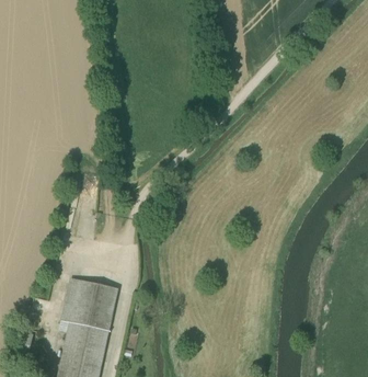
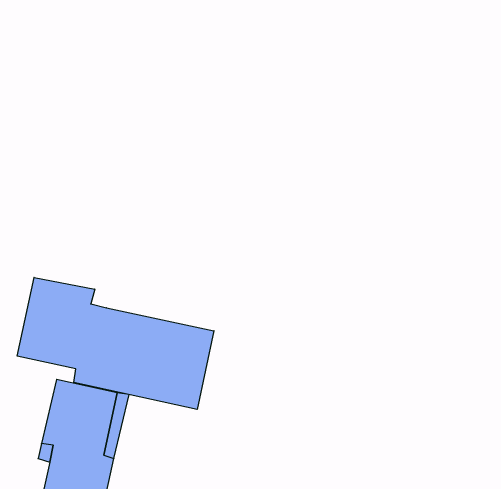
building: none -> [17,277,214,409]

